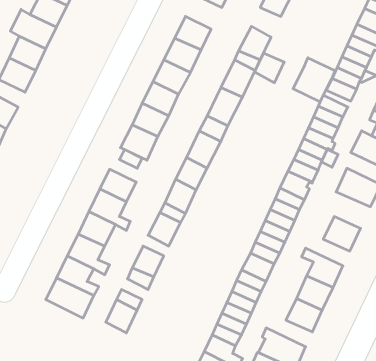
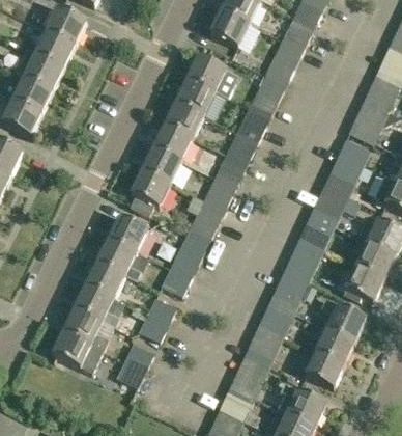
building: [255,53,284,83] -> [269,45,300,76]
building: [293,58,335,102] -> none
building: none -> [354,239,395,277]

